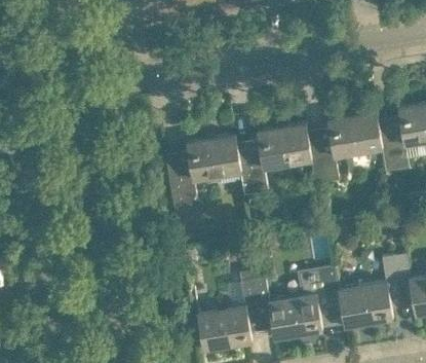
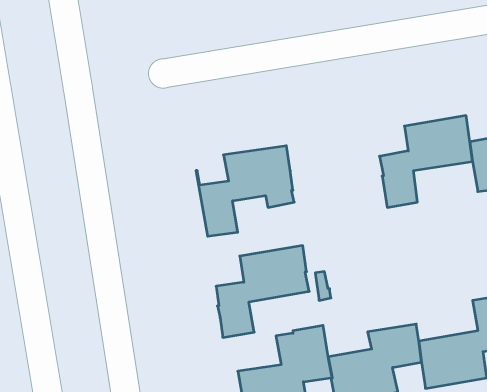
building: [238,123,311,195] -> [216,246,309,337]

